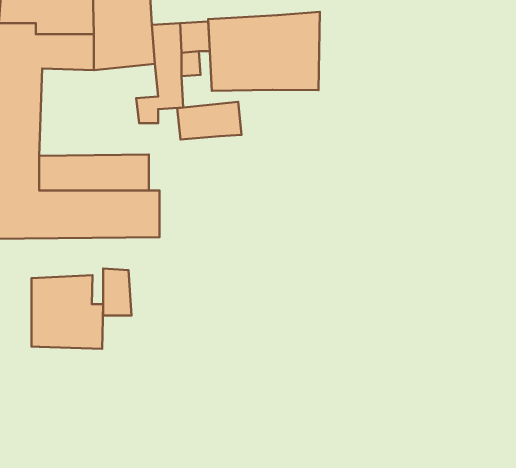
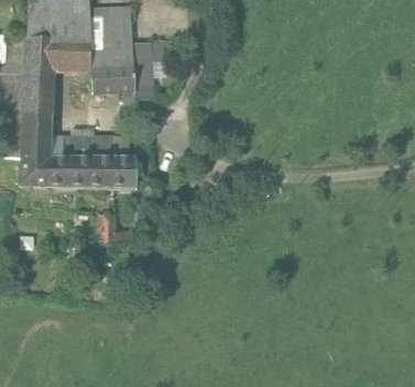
building: [208,12,320,91] -> none
building: [177,102,241,139] -> [91,67,136,93]
building: [31,275,103,349] -> none

